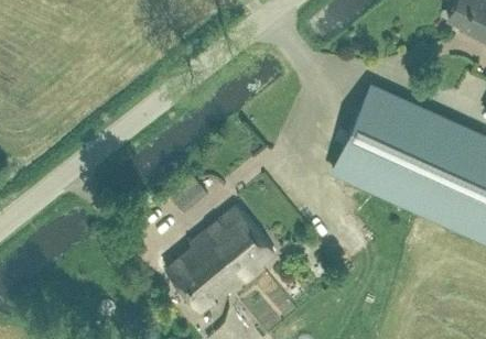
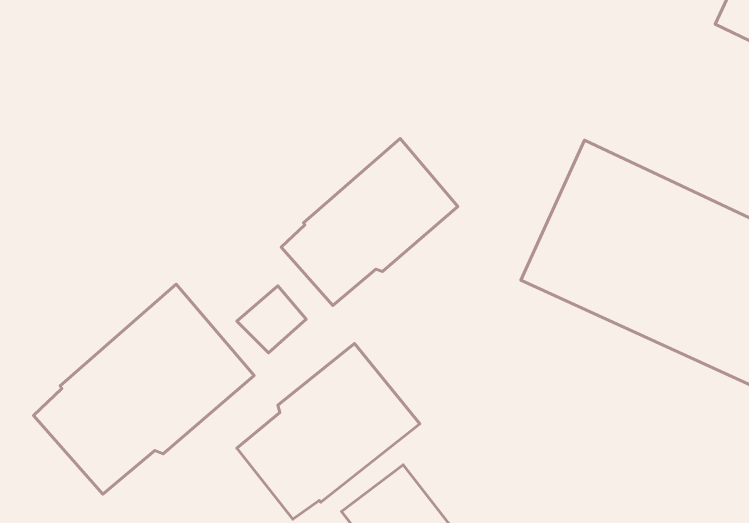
building: none -> [281,139,458,306]
building: none -> [34,284,254,494]

